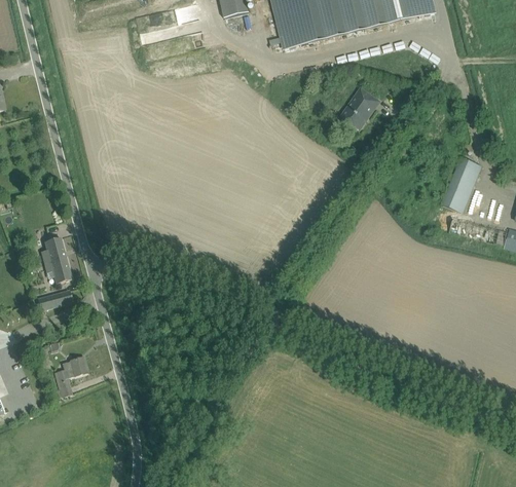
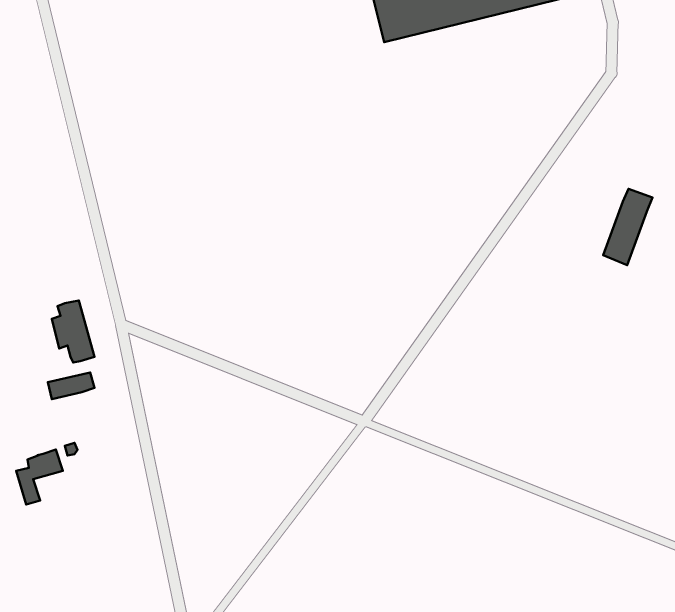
building: [339,86,380,128] -> none
building: [54,355,88,396] -> [16,450,63,505]

